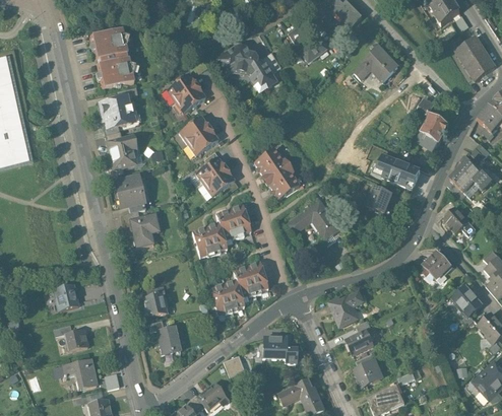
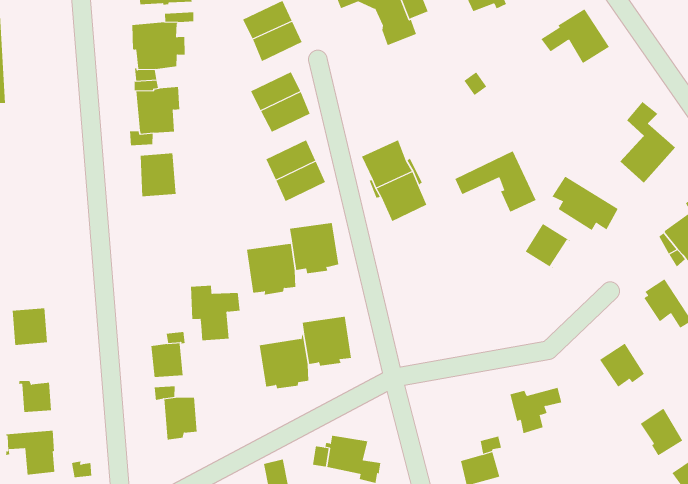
building: [288,199,340,237] -> [455,151,536,212]
building: [125,212,159,248] -> [190,285,241,341]
building: [329,292,363,325] -> [509,387,562,434]

